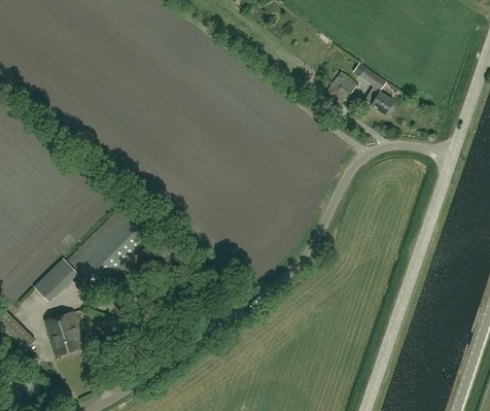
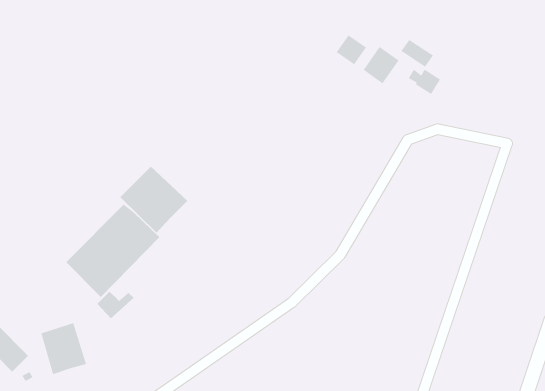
building: none -> [336,34,367,65]
building: none -> [120,166,188,234]
building: [36,273,69,298] -> [97,291,135,319]

